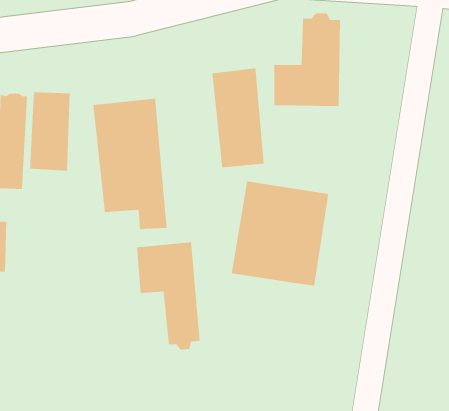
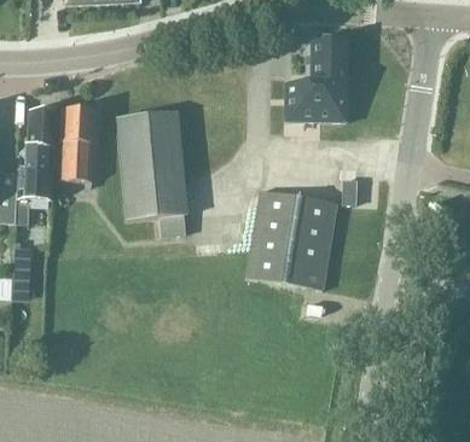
building: [211,67,264,168] -> none
building: [136,241,201,350] -> none

